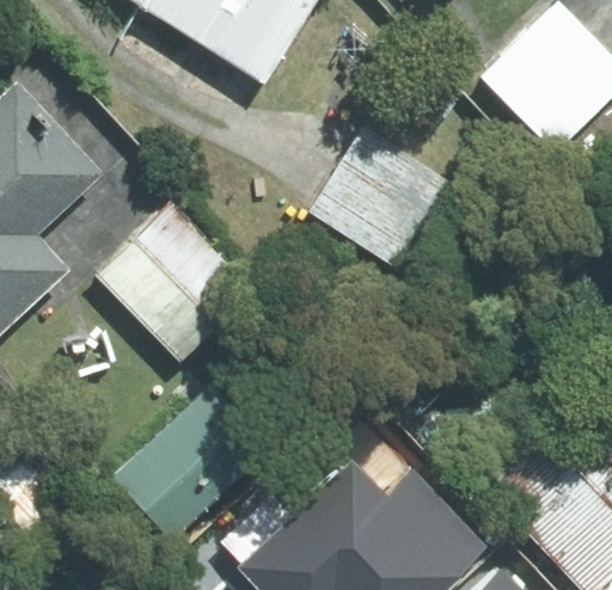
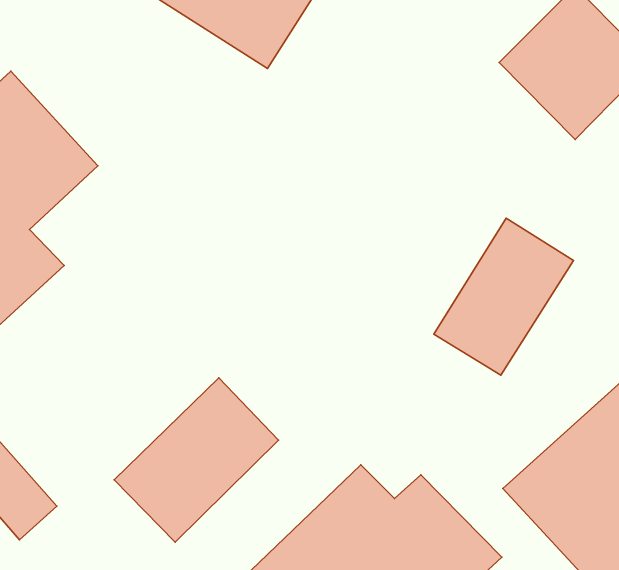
building: [310,128,448,265] -> none
building: [98,204,251,358] -> none
building: none -> [434,218,573,375]

